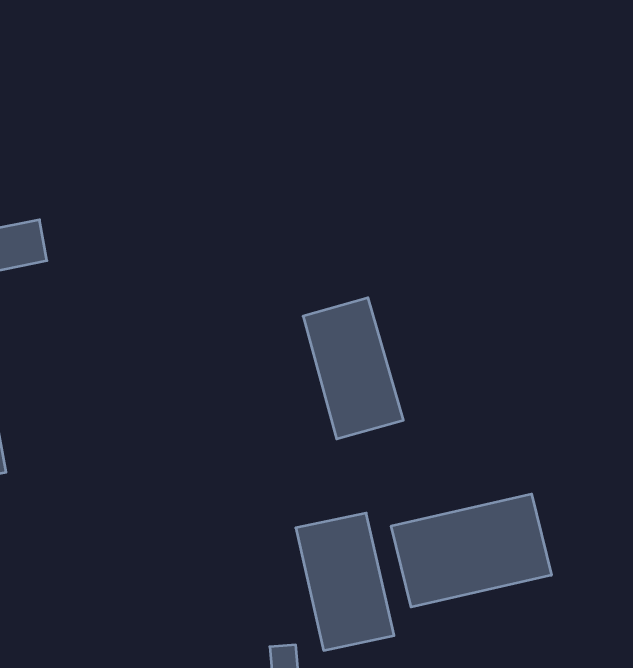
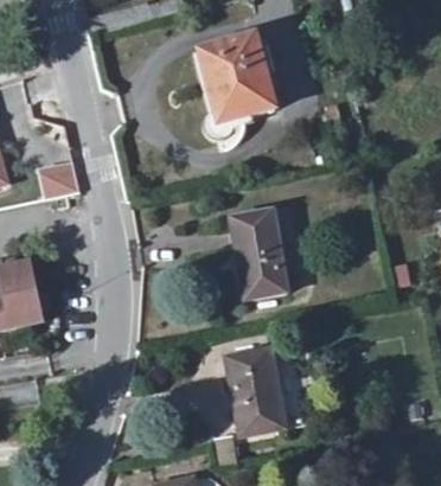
building: none -> [205,37,279,123]
building: [391,494,551,607] -> none

